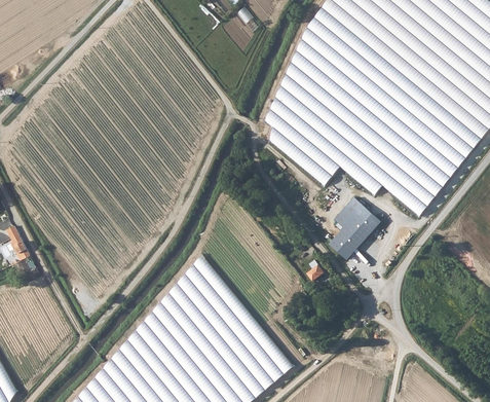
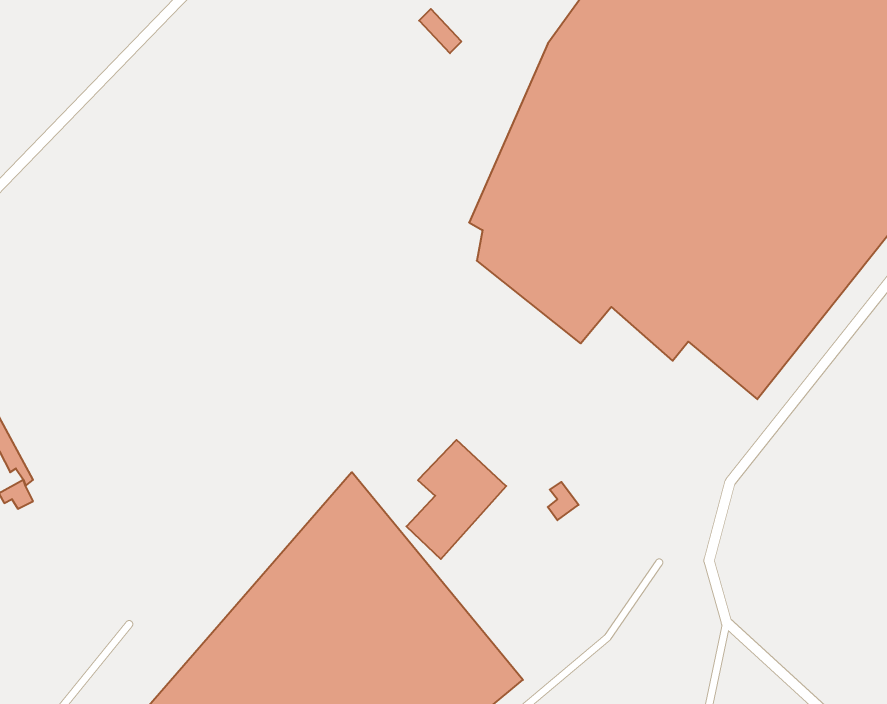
building: [326,197,379,261] -> [406,440,506,559]

